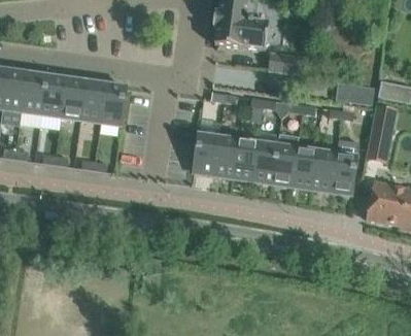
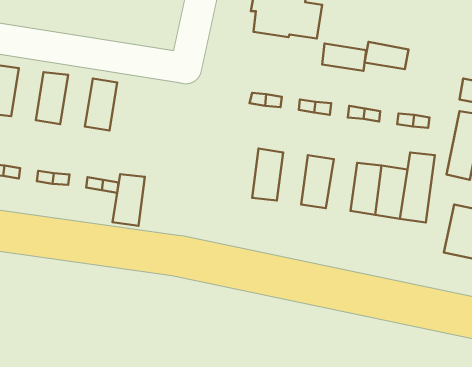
building: [22,72,47,113] -> none
building: [61,77,87,119] -> none
building: [100,83,126,125] -> [113,174,145,226]
building: [341,83,376,105] -> [365,42,409,69]
building: [193,133,218,175] -> none
building: [272,133,299,186] -> none
building: [233,139,258,180] -> none

